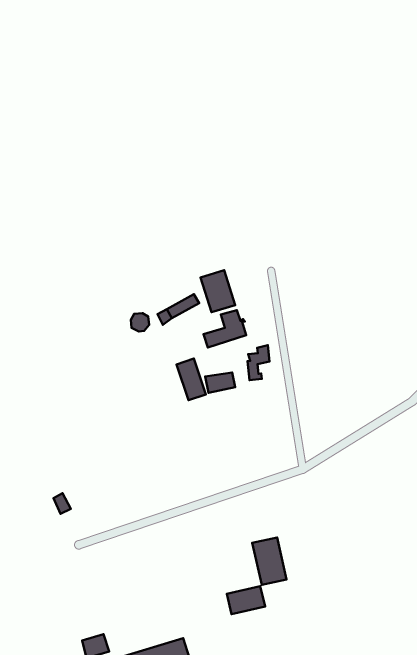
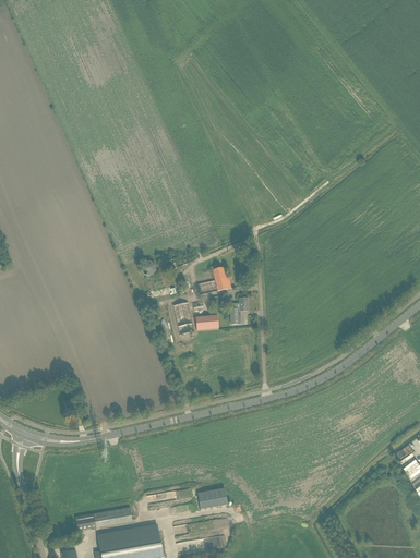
building: [200,270,235,312] -> none
building: [252,537,287,585] -> none

